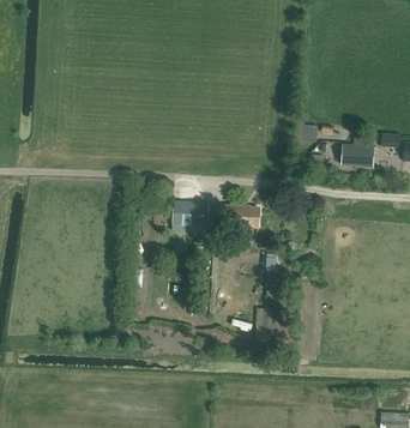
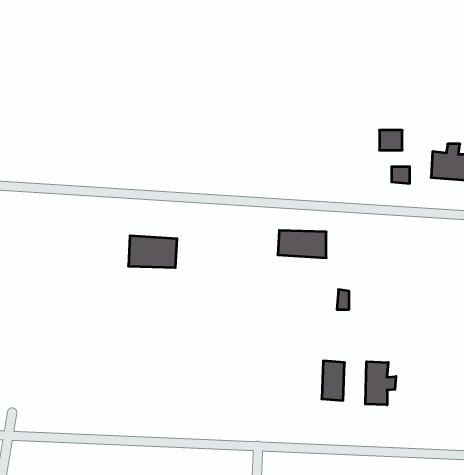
building: [171,201,210,227] -> [128,236,177,268]
building: none -> [365,362,396,405]

